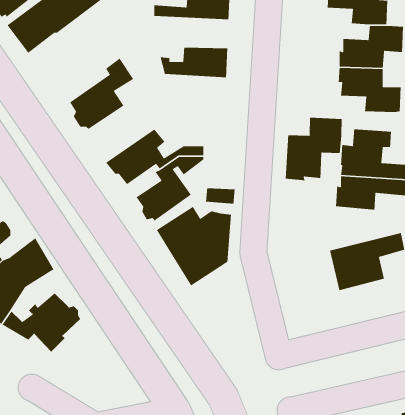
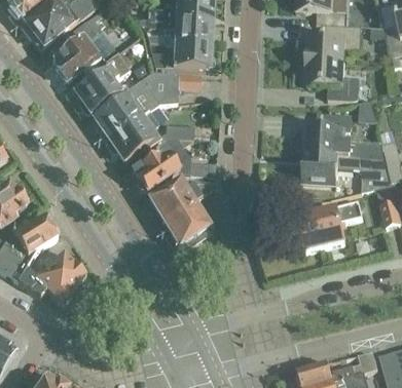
building: none -> [136,15,212,43]
building: none -> [52,22,116,80]
building: none -> [93,72,200,141]
building: [285,117,342,181] -> none

